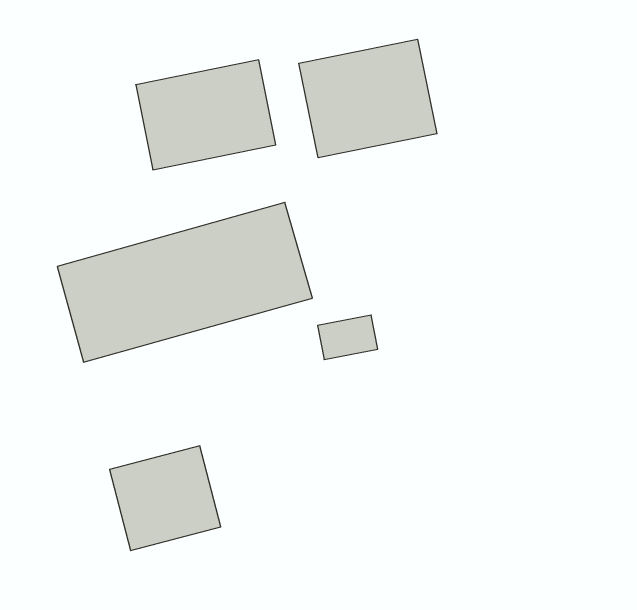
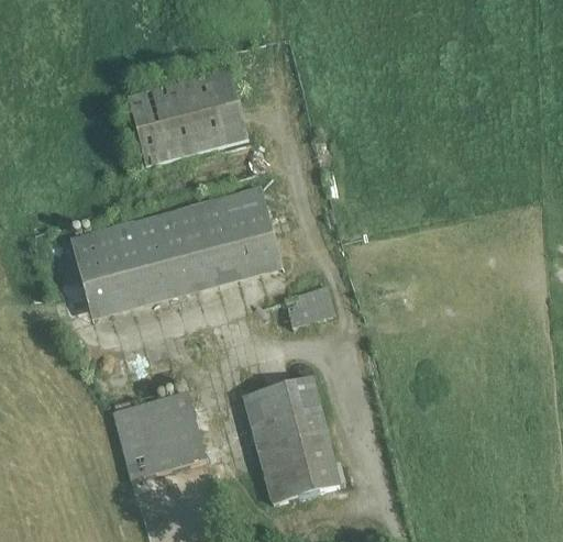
building: [299,39,437,158] -> none
building: none -> [242,376,339,501]

